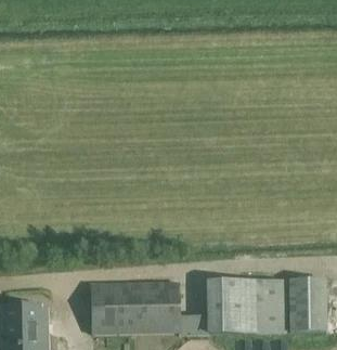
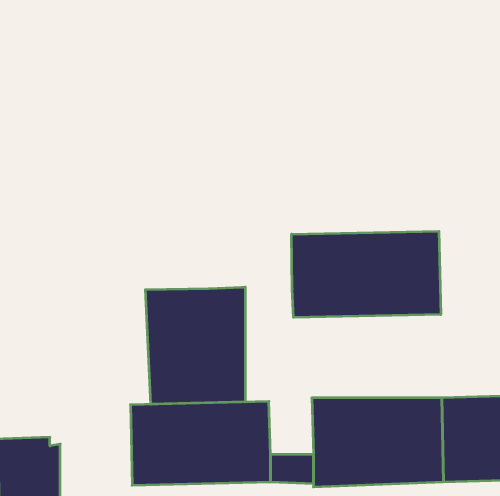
building: none -> [292,231,441,317]
building: none -> [145,287,245,404]

